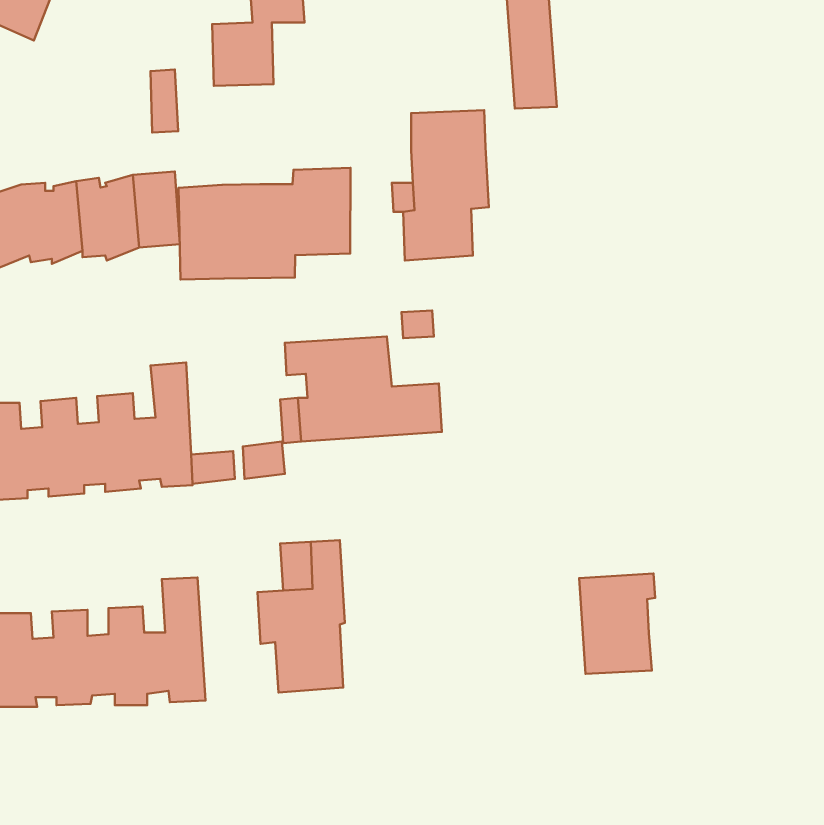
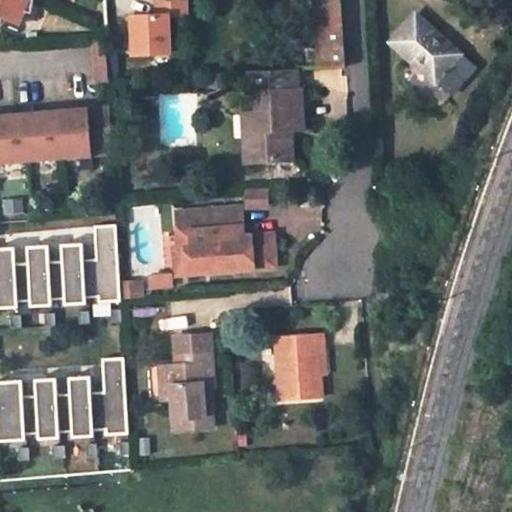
building: none -> [389,12,474,93]
building: [178,168,351,279] -> none
building: [579,573,655,674] -> [276,334,323,396]

